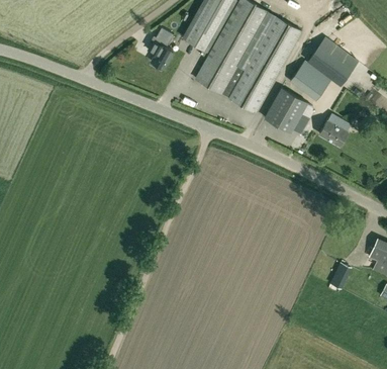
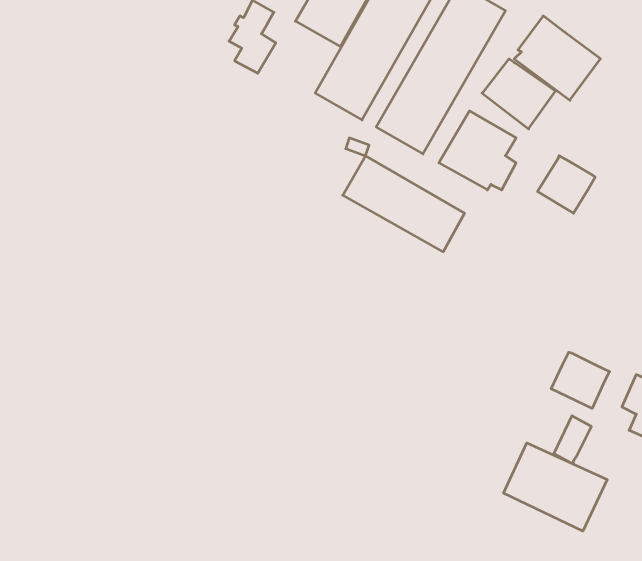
building: none -> [343,156,464,252]
building: none -> [551,352,610,408]
building: none -> [504,443,607,531]

